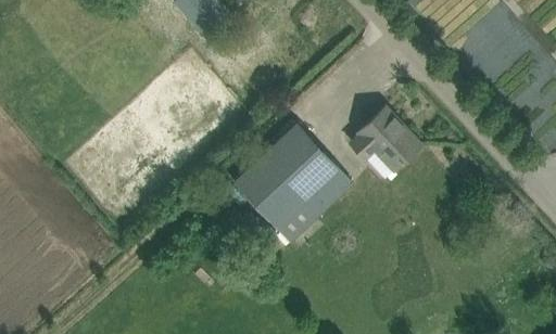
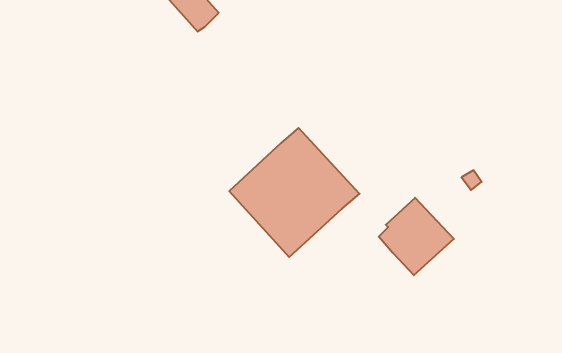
building: [352,107,421,179] -> [379,198,454,275]

